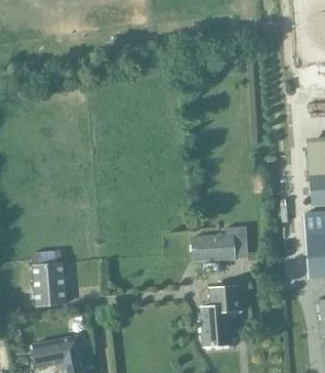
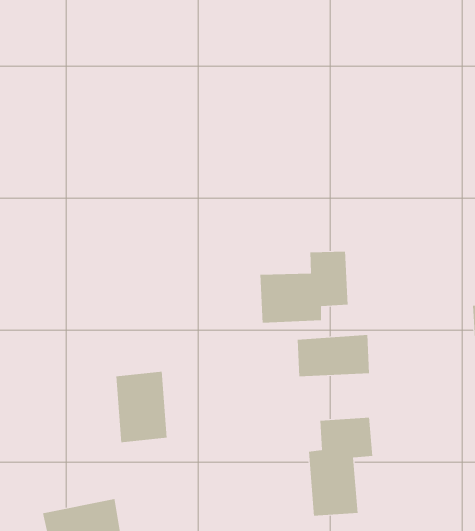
building: none -> [260,251,348,323]
building: [33,261,66,306] -> [116,371,167,443]

